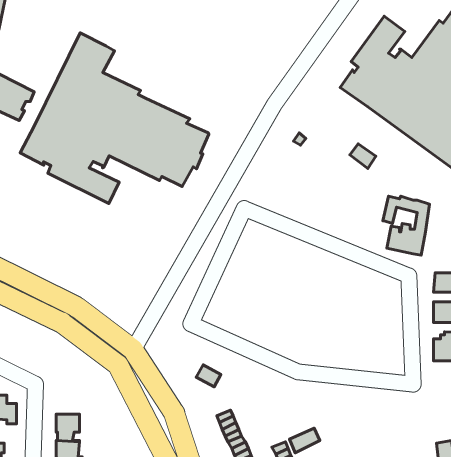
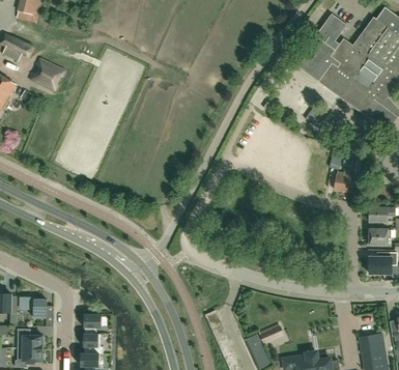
building: [20,33,209,203] -> none

